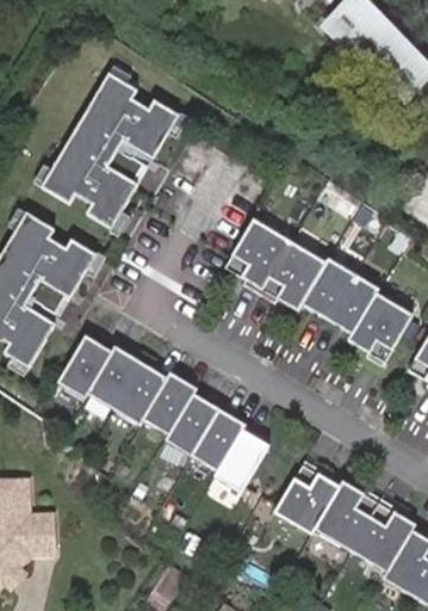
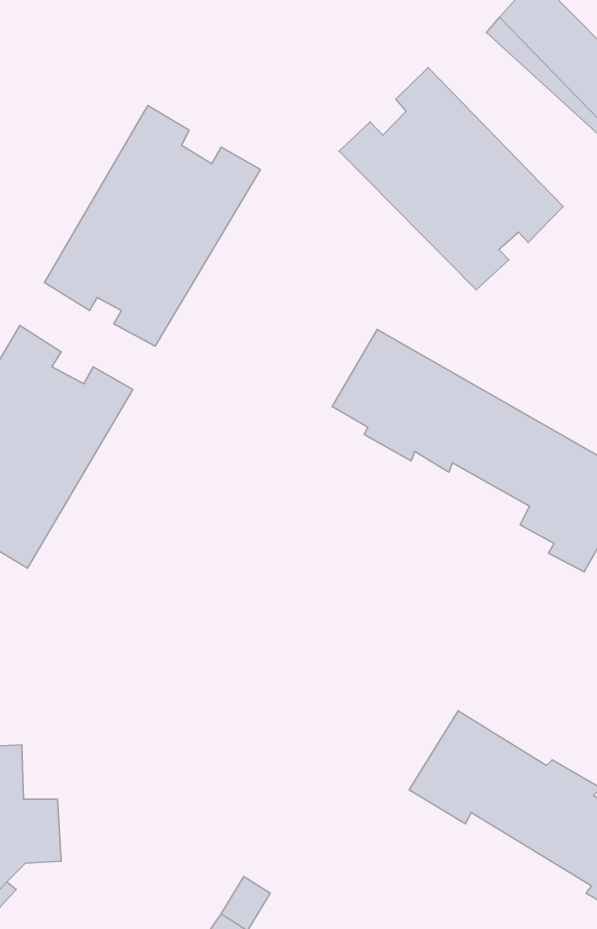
building: none -> [339,67,563,290]
building: [56,335,267,488] -> none

